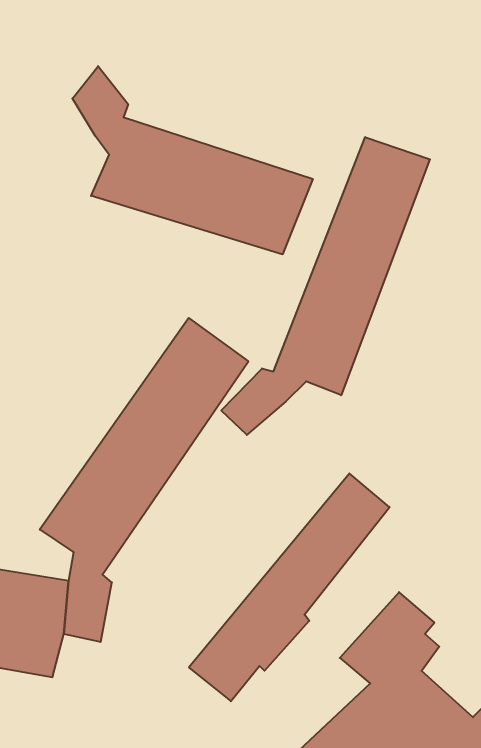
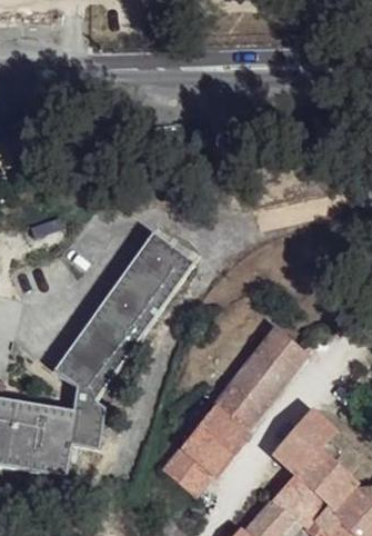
building: [72,66,313,254] -> none
building: [221,137,430,435] -> none

